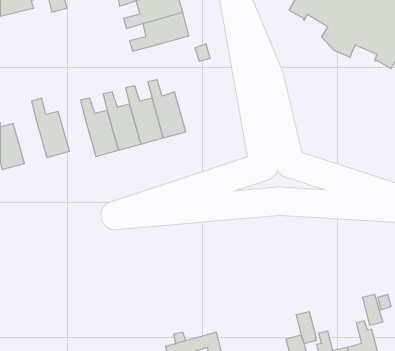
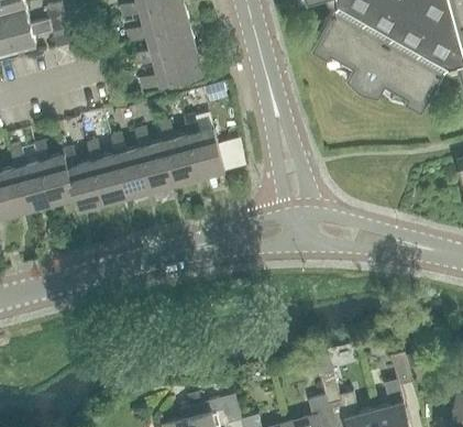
building: none -> [184,114,225,177]
building: none -> [10,147,51,211]
building: none -> [63,147,103,210]

